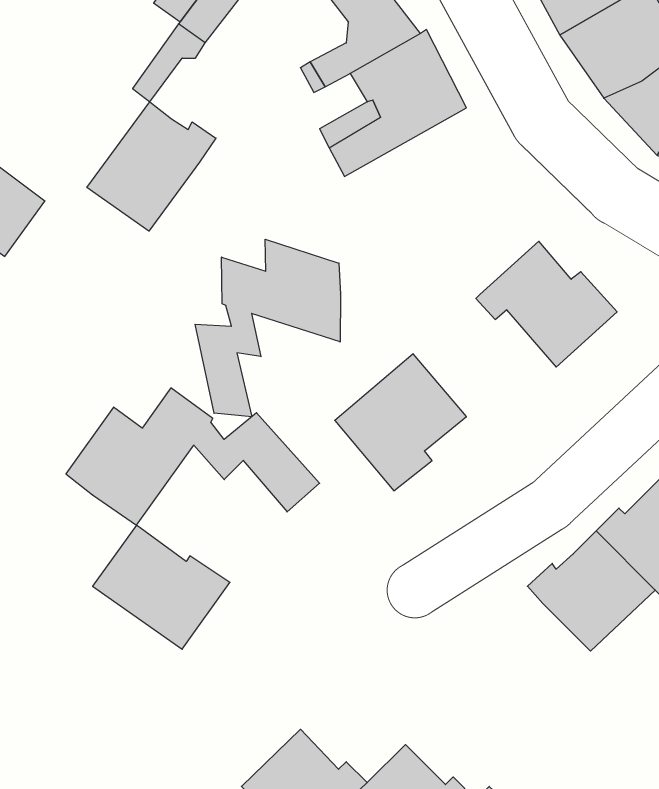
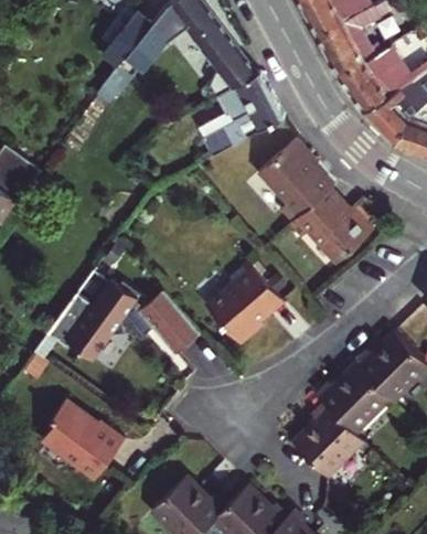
building: [87,102,216,231] -> none
building: none -> [259,143,329,225]
building: [195,239,340,417] -> none
building: [93,525,230,649] -> [42,406,121,478]
building: none -> [298,404,367,477]

